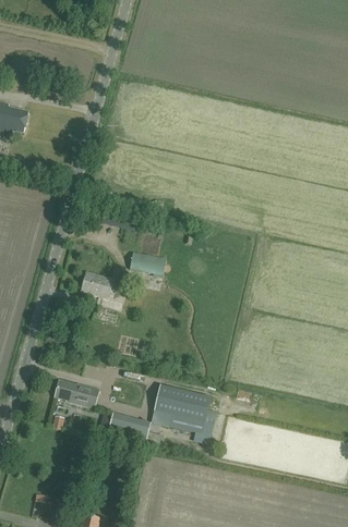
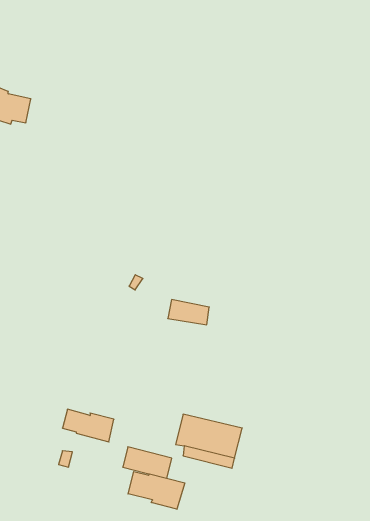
building: [129,253,165,274] -> [168,300,209,325]
building: [80,271,112,298] -> none
building: none -> [128,472,185,509]

